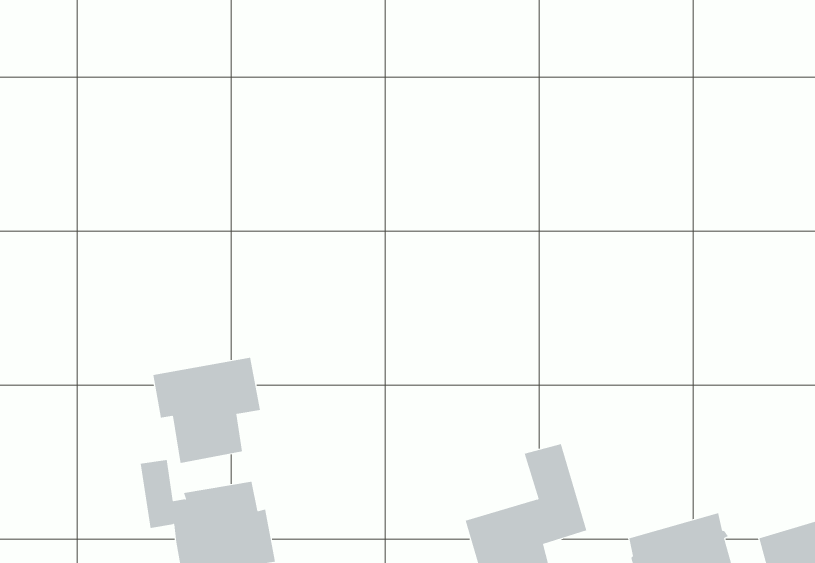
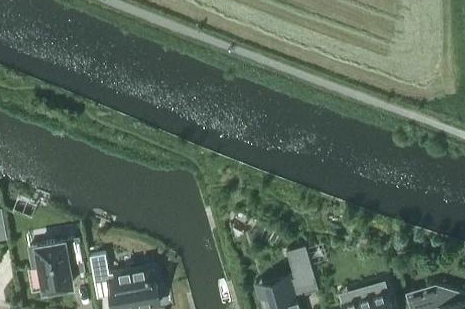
building: [152,357,261,463] -> [27,240,82,294]

